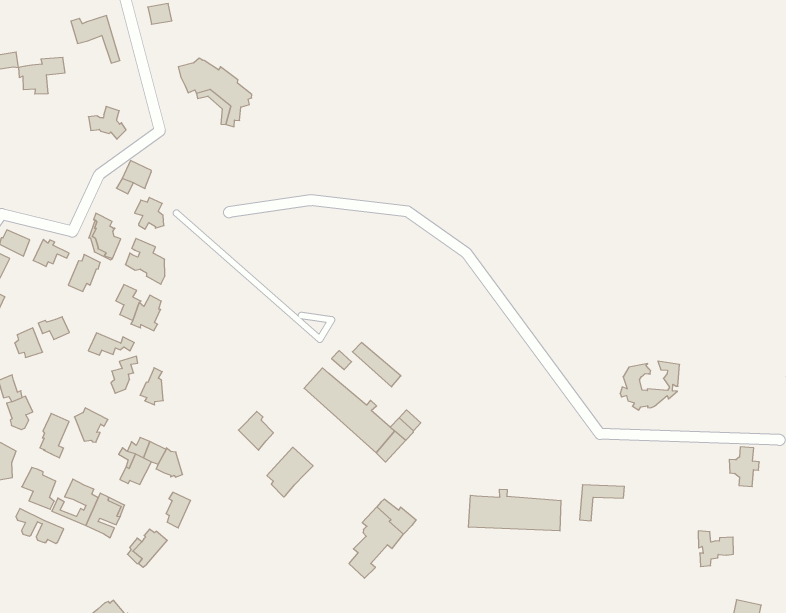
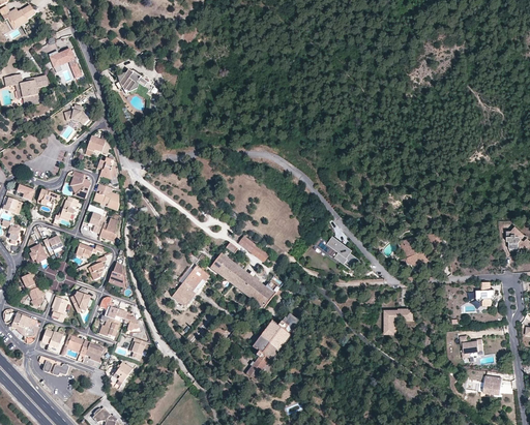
building: none -> [327,236,358,267]
building: [267,447,313,497] -> [181,265,209,296]
building: none -> [264,314,297,342]
building: [469,489,561,531] -> none

